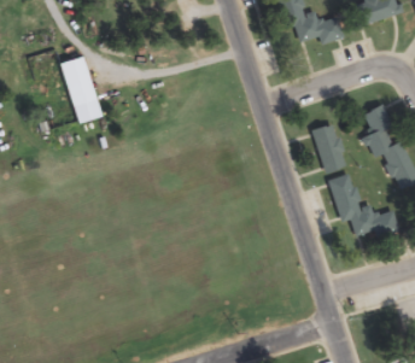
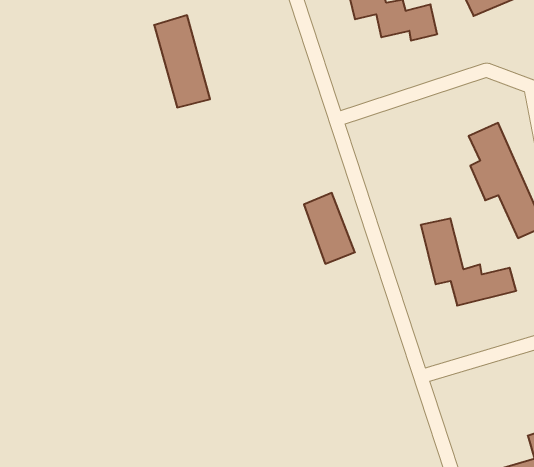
building: [59,58,100,125] -> [154,15,210,107]
building: [311,125,349,177] -> [304,193,355,264]

